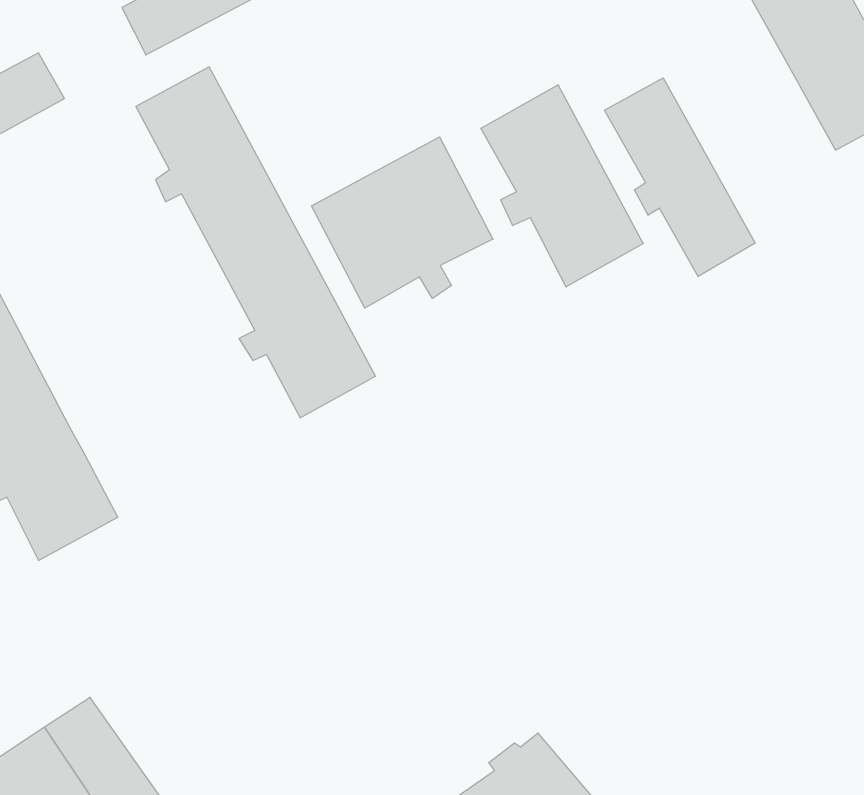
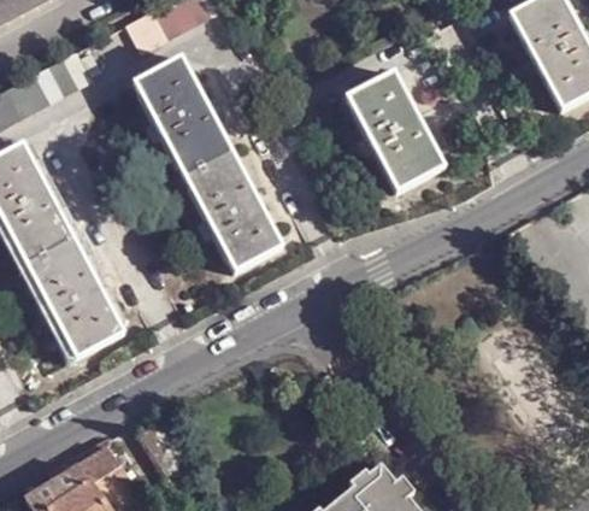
building: [605,78,755,277] -> none
building: [312,137,493,308] -> none

